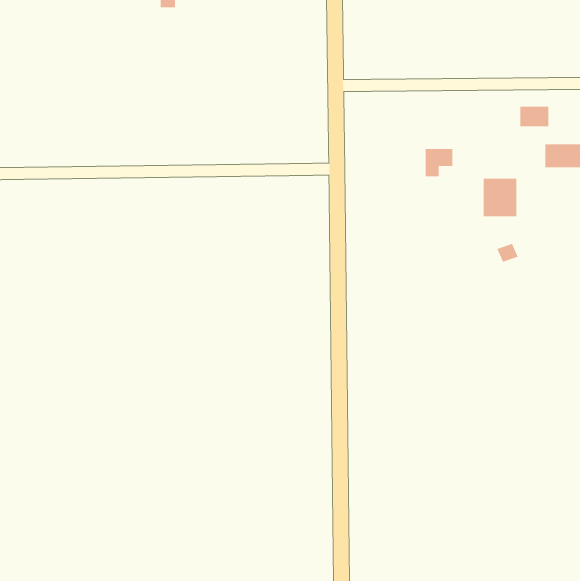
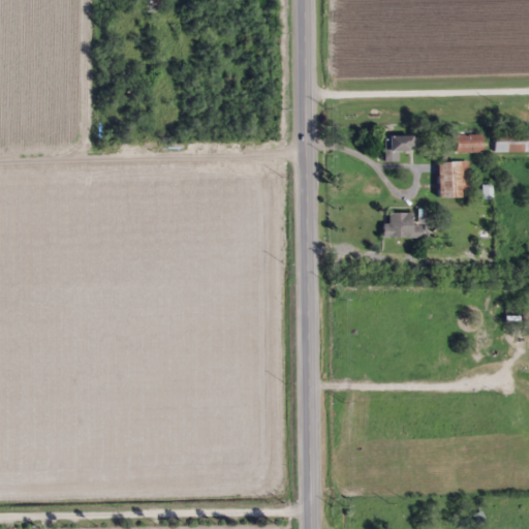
building: [520,106,549,127] -> [458,133,485,152]
building: none -> [384,212,425,237]

